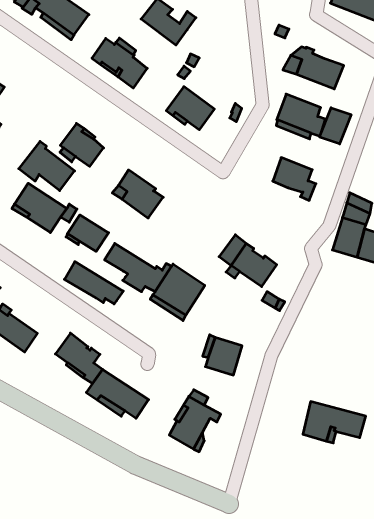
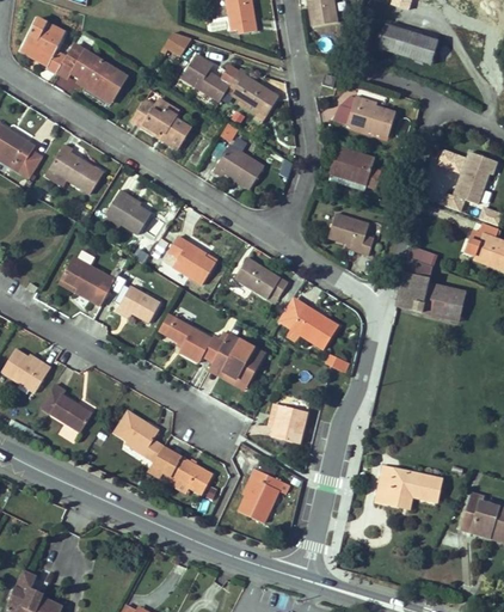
building: none -> [229,68,281,117]
building: [320,108,351,144] -> none
building: [19,141,75,191] -> [44,145,103,195]
building: none -> [234,257,288,299]
building: [64,262,123,304] -> none

